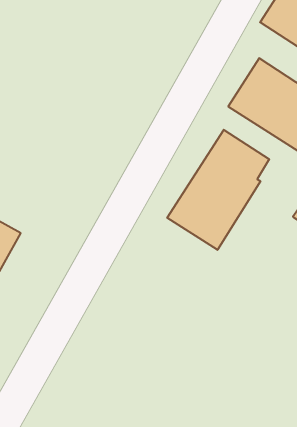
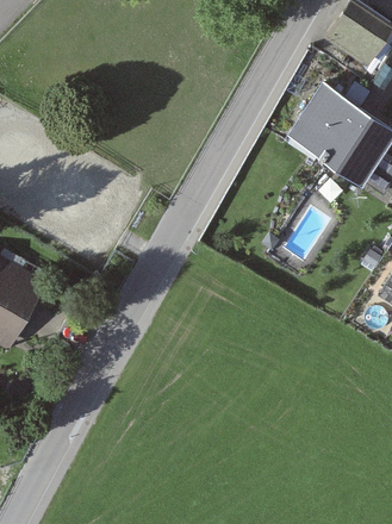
building: [167,130,269,250] -> none

